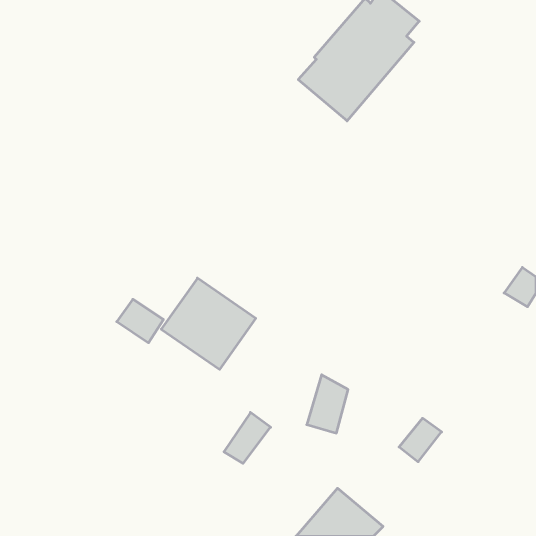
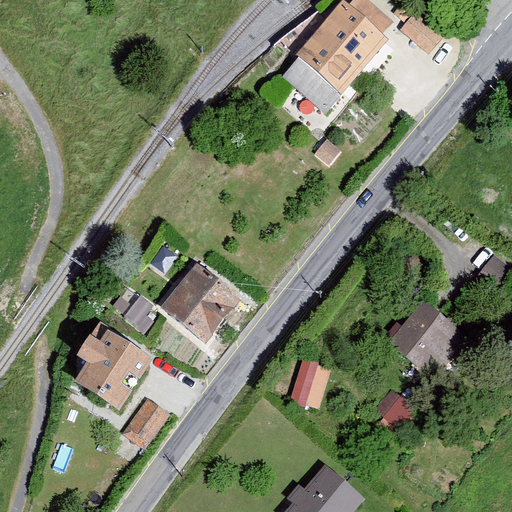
building: none -> [399,9,443,52]
building: none -> [387,299,472,382]
building: none -> [75,321,156,413]
building: [224,412,271,463] -> [124,397,168,445]

